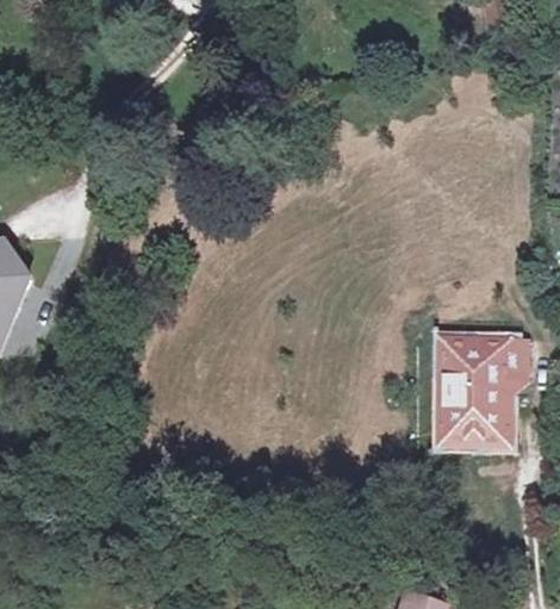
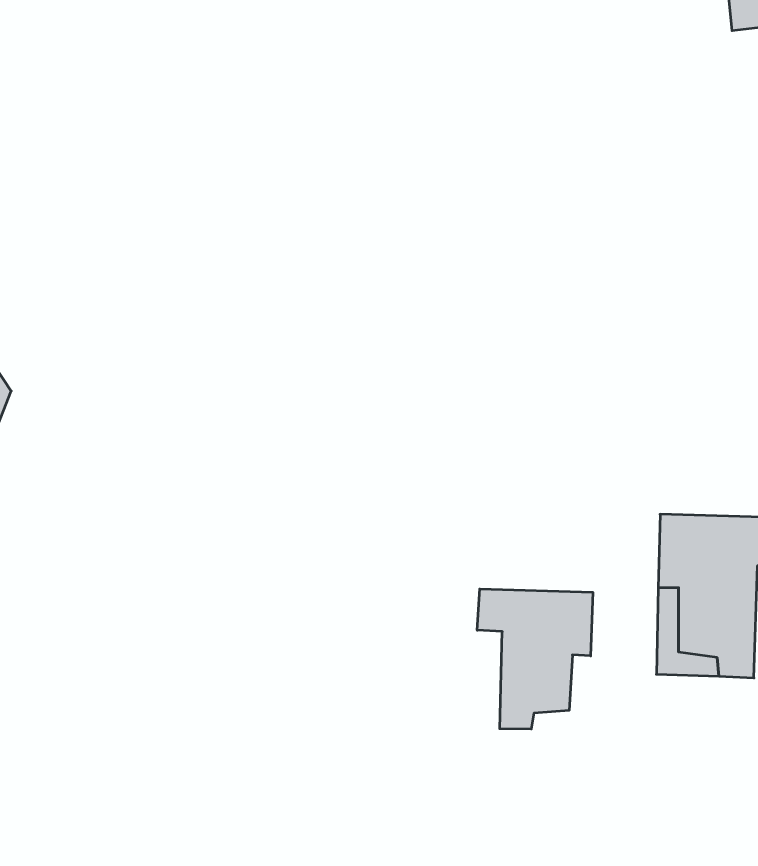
building: none -> [477,589,593,729]

